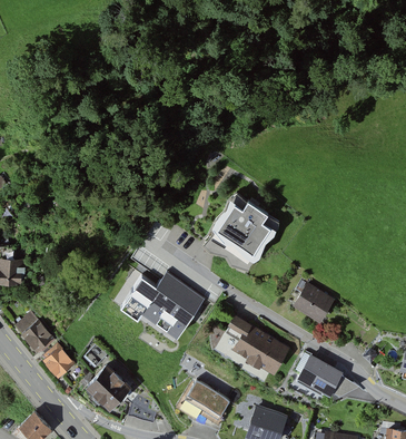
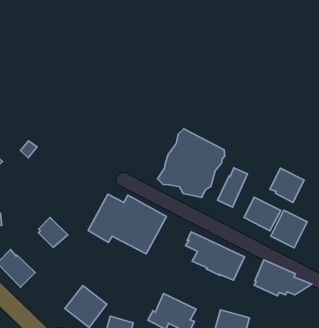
building: none -> [218,168,248,207]
building: none -> [270,168,304,203]
building: none -> [271,210,307,248]
building: [42,343,75,377] -> [38,218,68,248]

